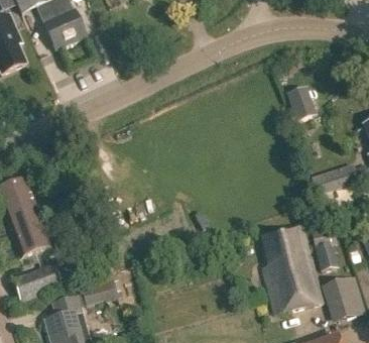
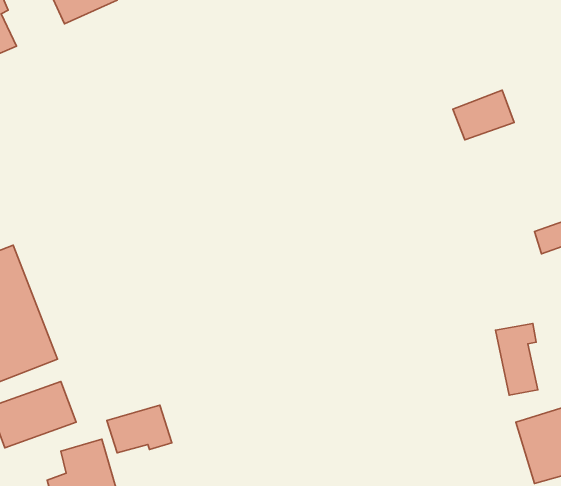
building: [262,222,322,313] -> none

